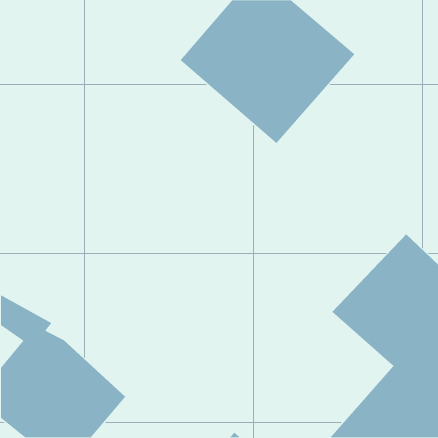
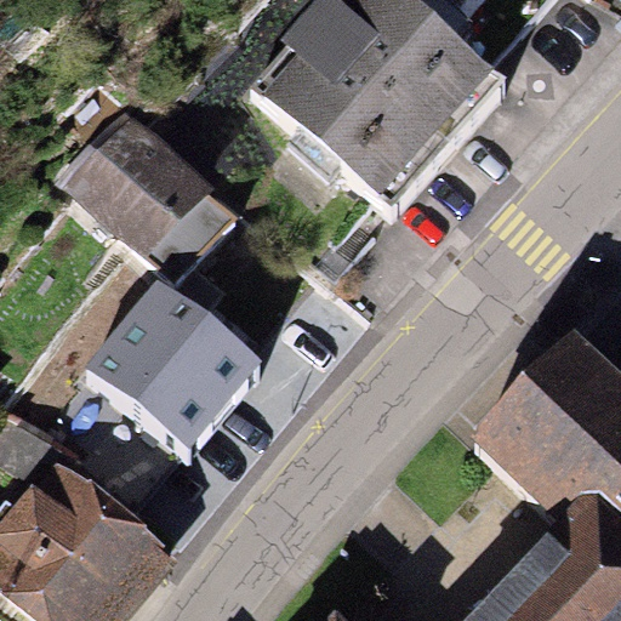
building: none -> [58,115,234,283]
building: none -> [82,279,258,509]

